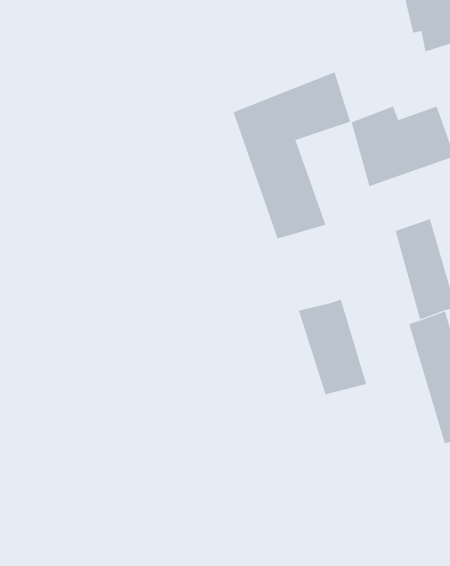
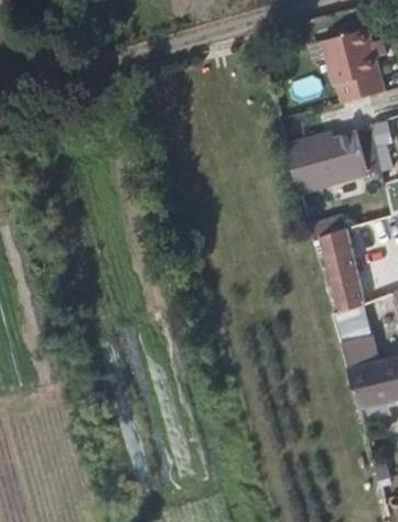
building: [233,72,351,239] -> none
building: [298,299,367,395] -> none

